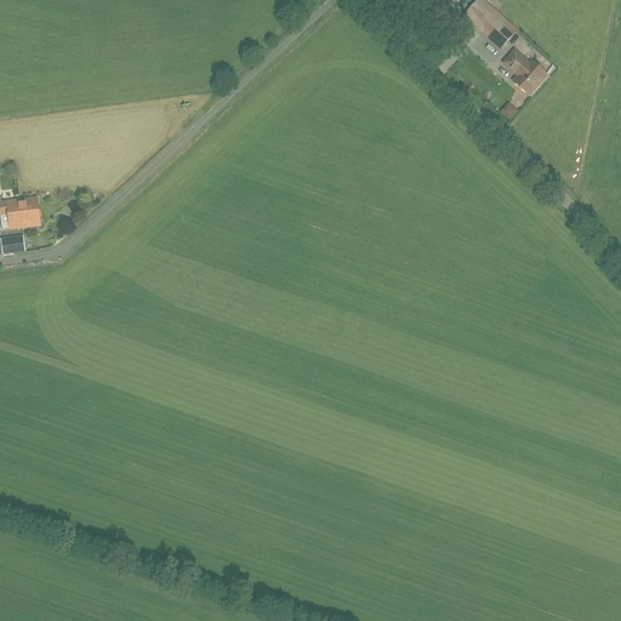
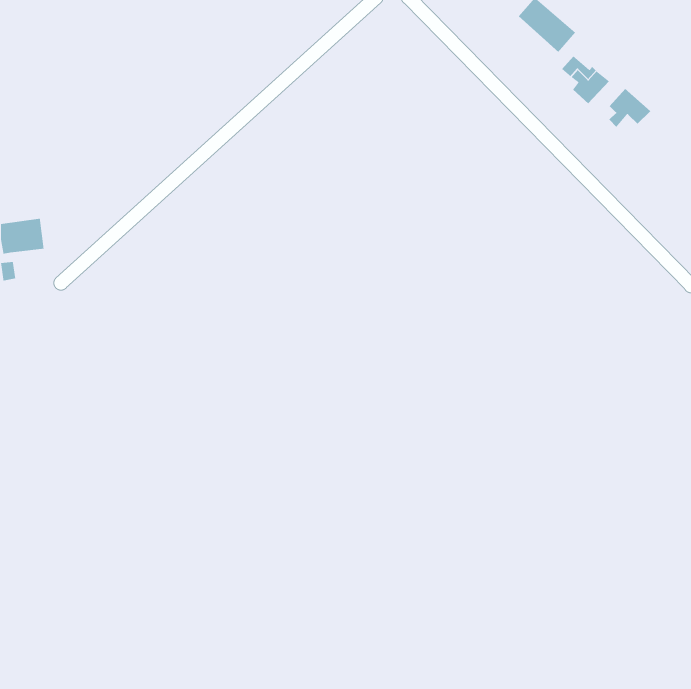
building: none -> [608,88,651,128]

